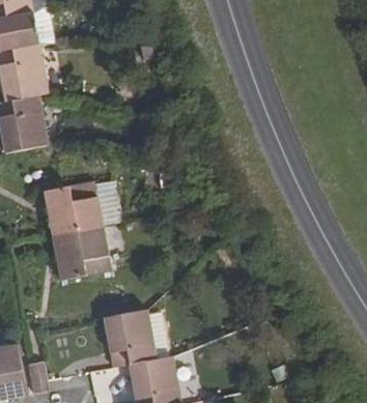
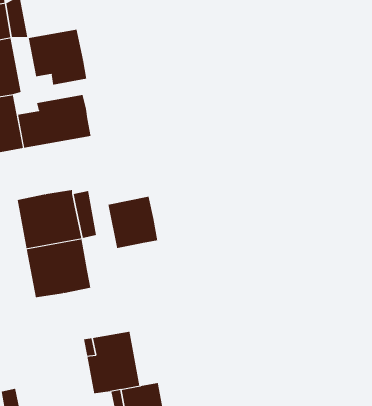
building: none -> [28,29,87,86]
building: none -> [18,94,91,148]
building: none -> [108,196,158,249]

